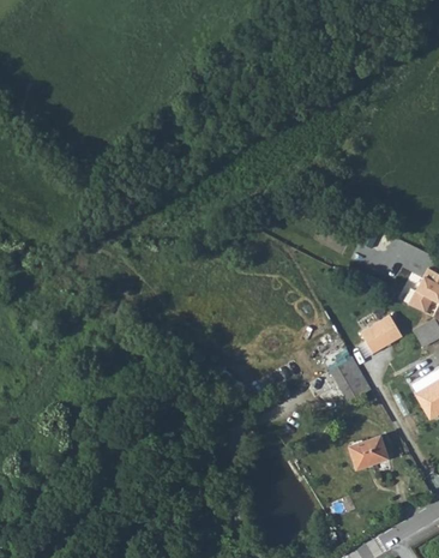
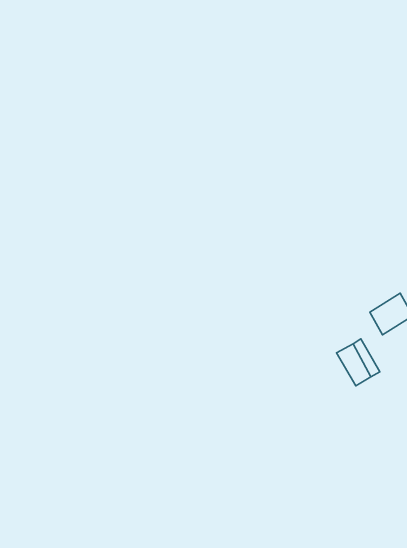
building: [348,436,387,468] -> none

